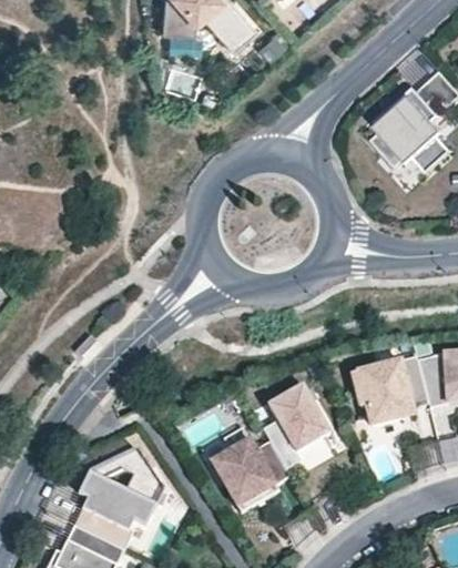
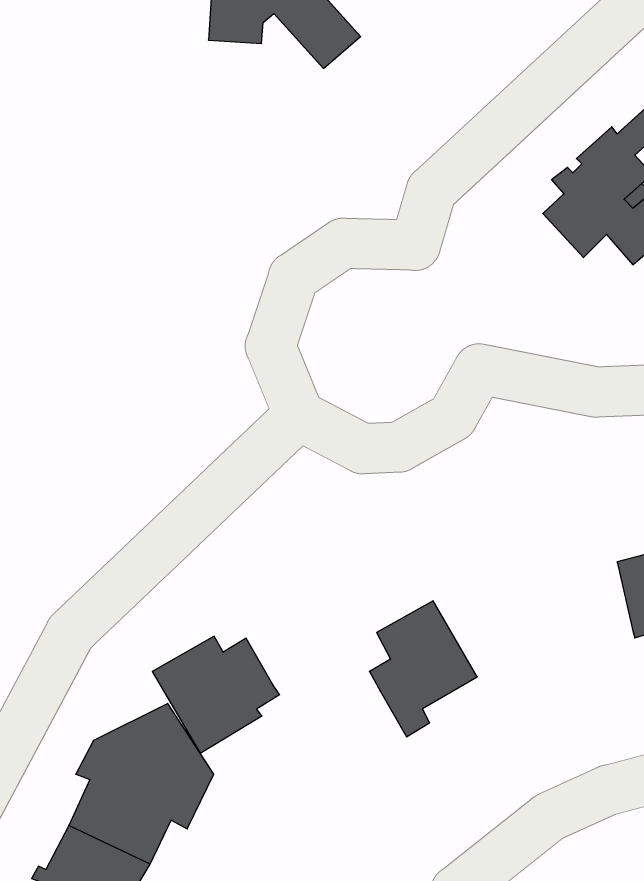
building: [352,356,427,424] -> none
building: [210,439,289,513] -> [152,636,280,753]

